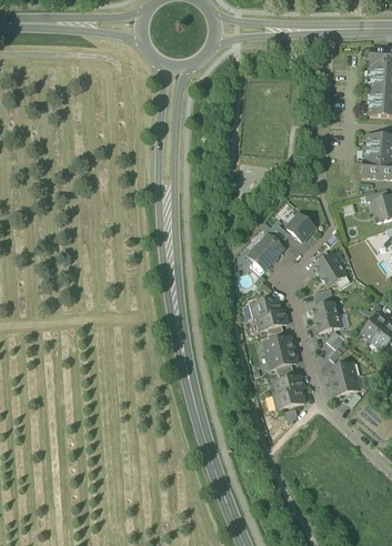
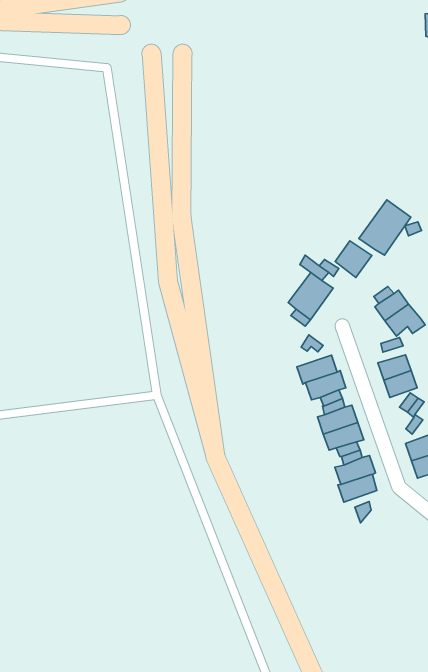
building: none -> [359,200,411,255]

